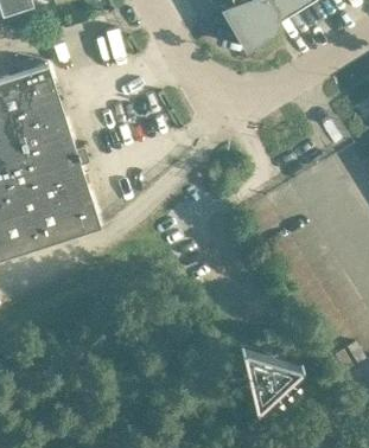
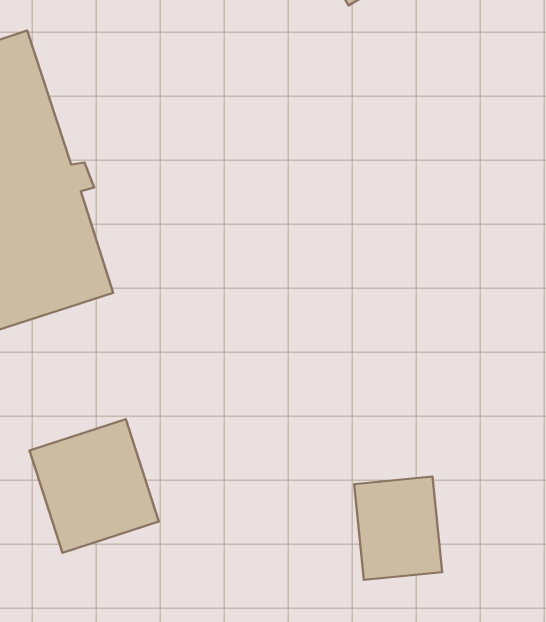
building: none -> [29,419,159,553]

